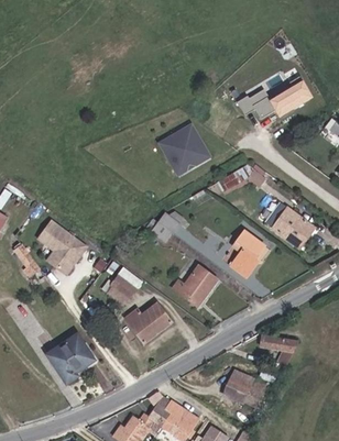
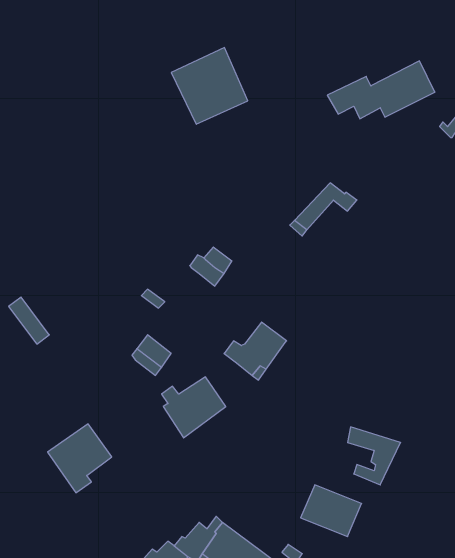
building: [163,122,217,176] -> [171,48,248,124]
building: [267,203,310,243] -> none
building: [40,219,94,276] -> none
building: [226,225,261,272] -> none

